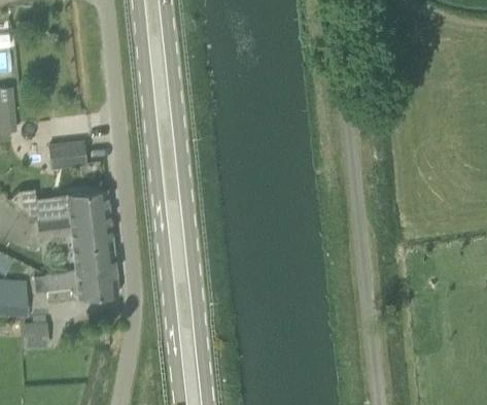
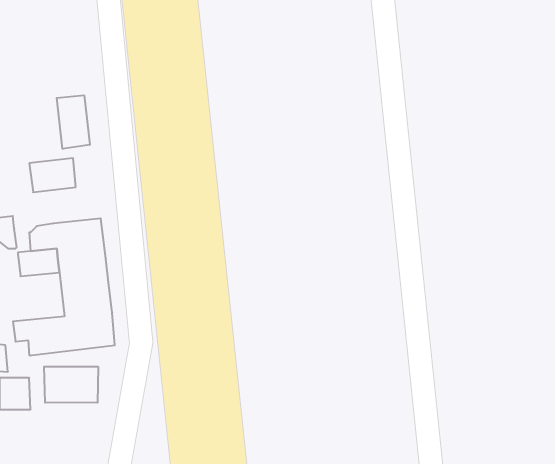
building: none -> [57,95,90,149]
building: none -> [44,367,98,403]

